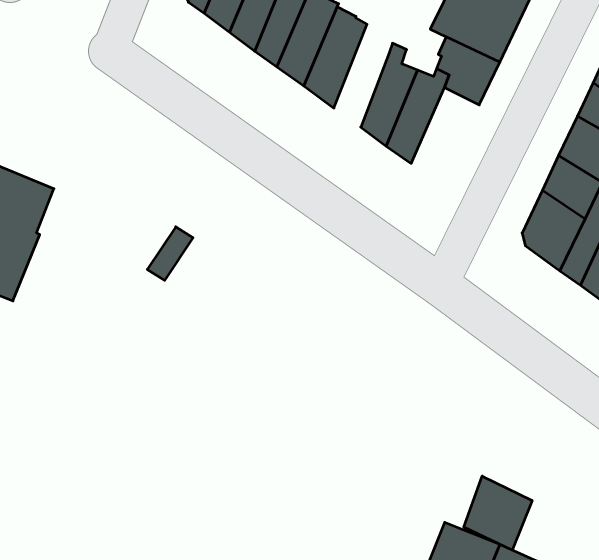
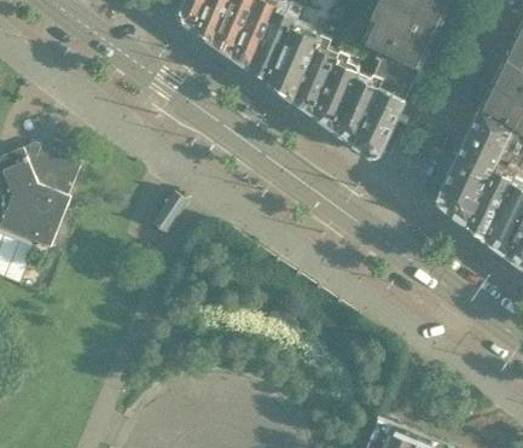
building: none -> [294,39,336,117]
building: none -> [353,87,405,157]
building: [464,476,532,550] -> none

